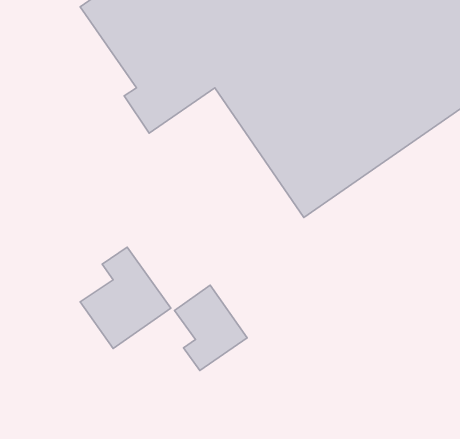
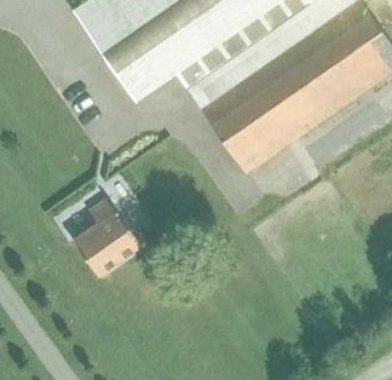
building: [174,285,247,370] -> none

